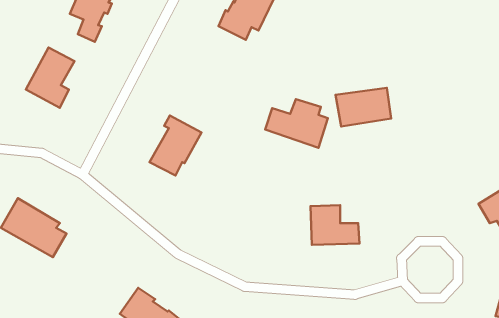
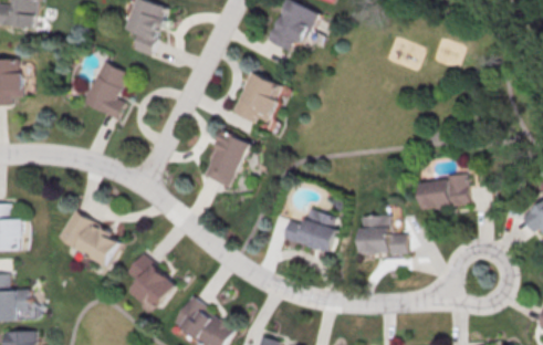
building: none -> [230,72,281,124]
building: [336,88,391,126] -> [416,177,470,215]
building: [265,99,328,148] -> [279,210,340,258]
building: none -> [122,252,177,310]

